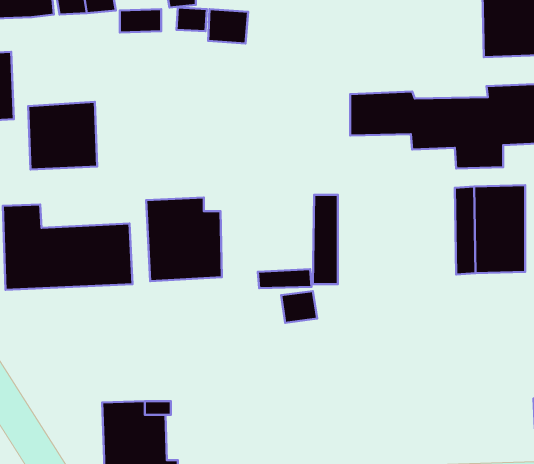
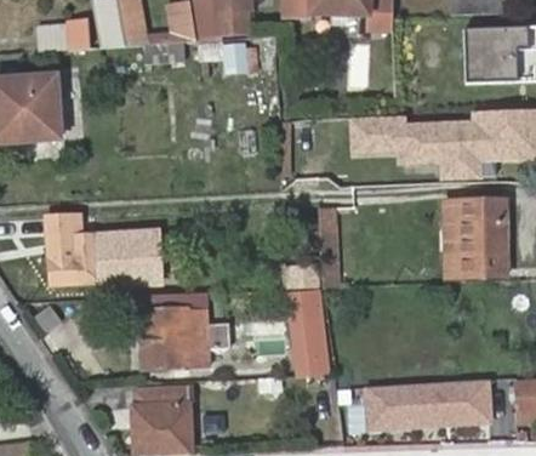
building: [28,102,97,169] -> none
building: [146,197,222,281] -> [138,293,205,367]
building: none -> [293,319,331,375]
building: none -> [364,377,495,431]

